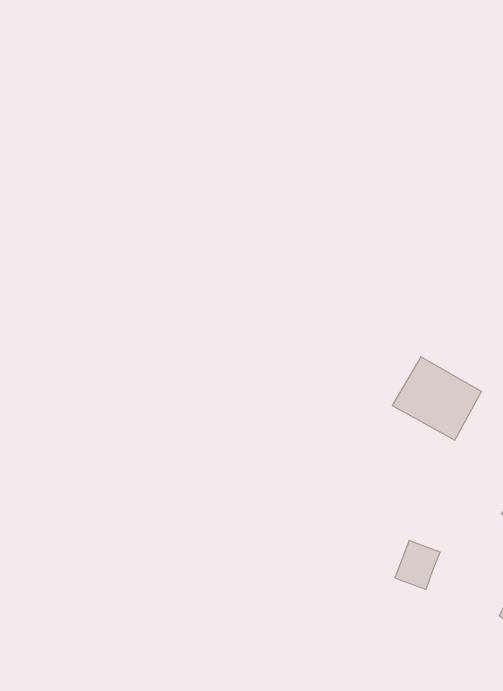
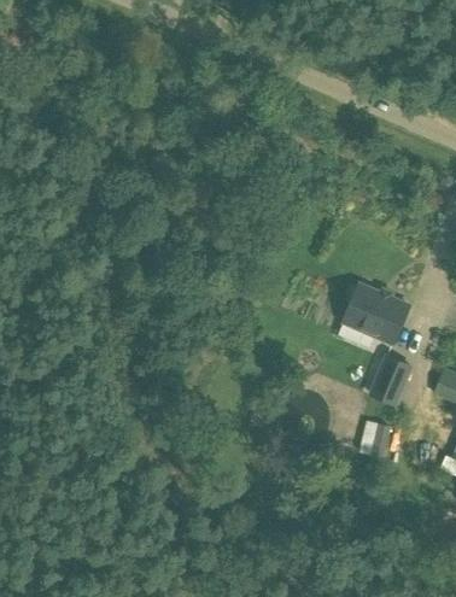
building: none -> [368,353,414,406]

